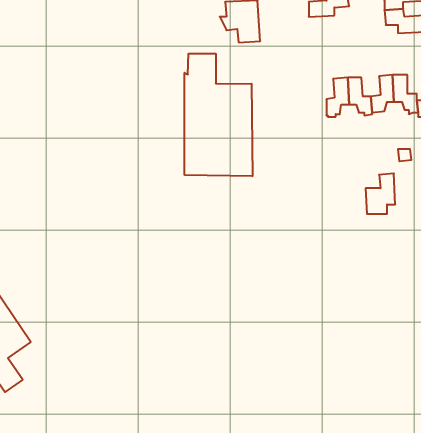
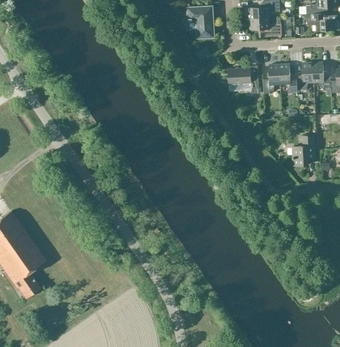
building: none -> [250,18,281,36]
building: [185,54,252,176] -> none
building: none -> [228,68,259,93]

